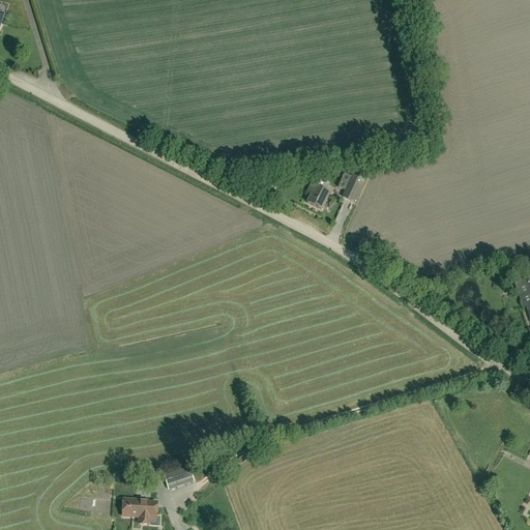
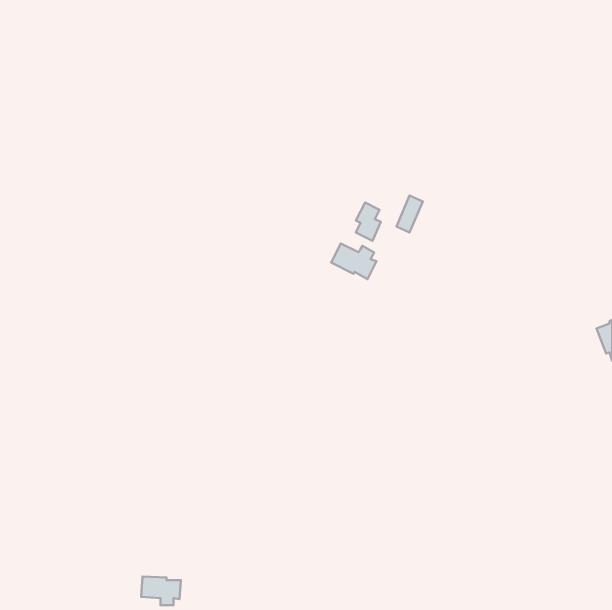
building: none -> [331,243,376,279]
building: [163,463,193,488] -> none

